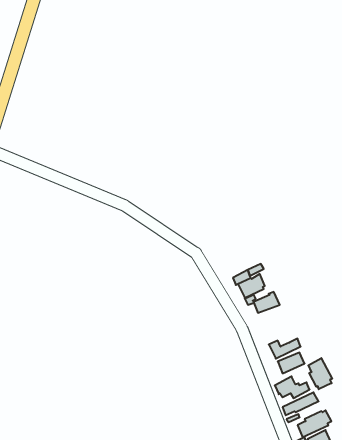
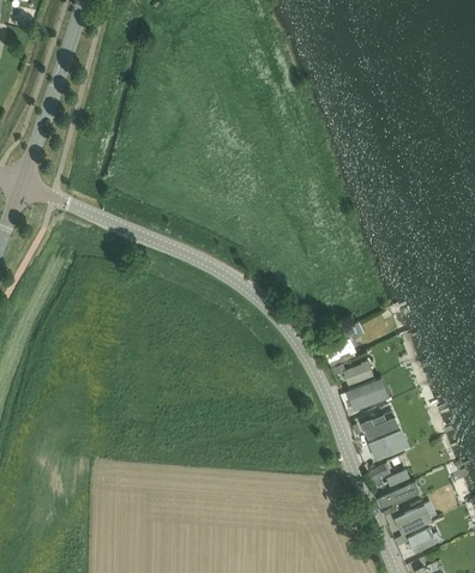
building: none -> [347,378,390,411]
building: [308,358,332,389] -> none

